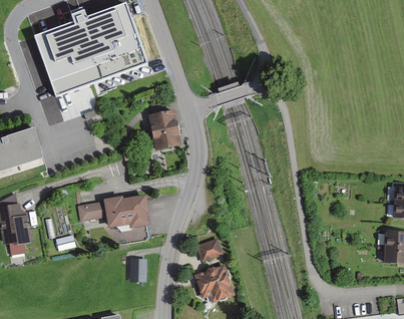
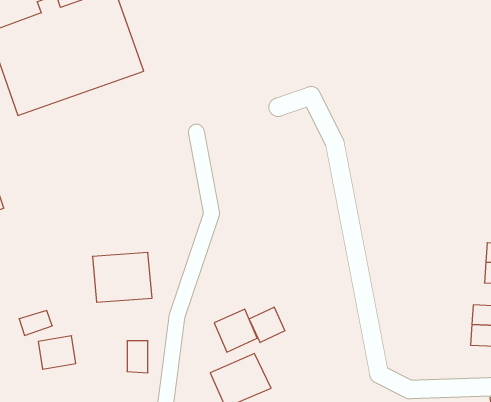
building: [150,109,182,147] -> none
building: [81,203,108,227] -> [38,336,76,369]
building: none -> [249,307,285,343]

